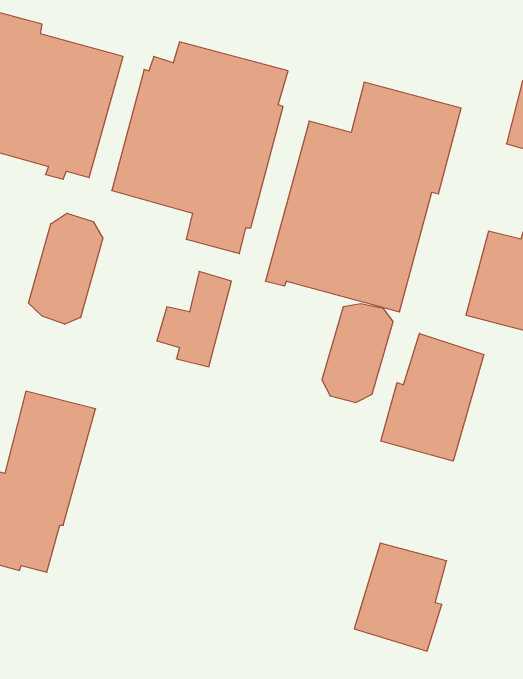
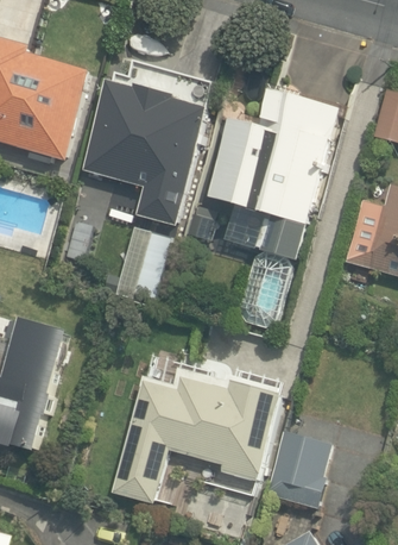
building: [28,213,103,324] -> none
building: [381,333,484,461] -> none
building: none -> [109,367,283,503]

